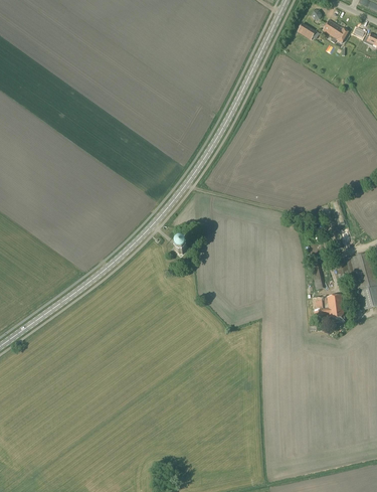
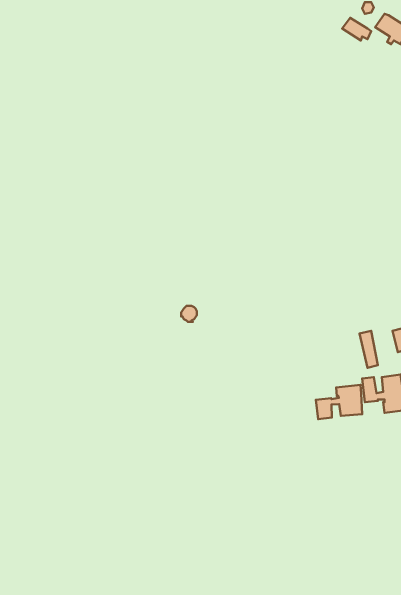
building: none -> [316,385,362,419]

